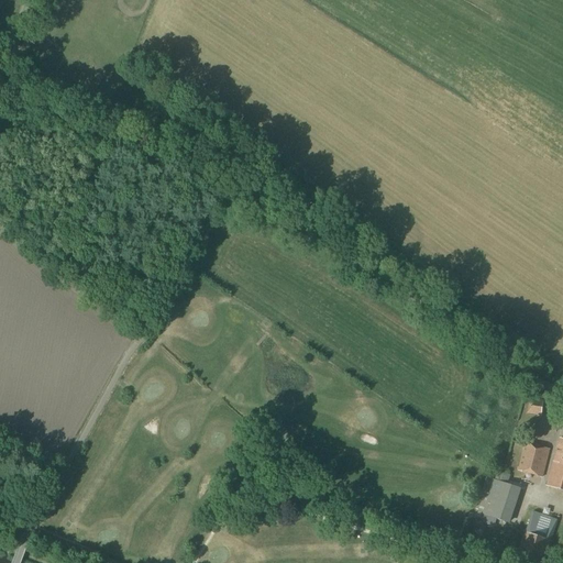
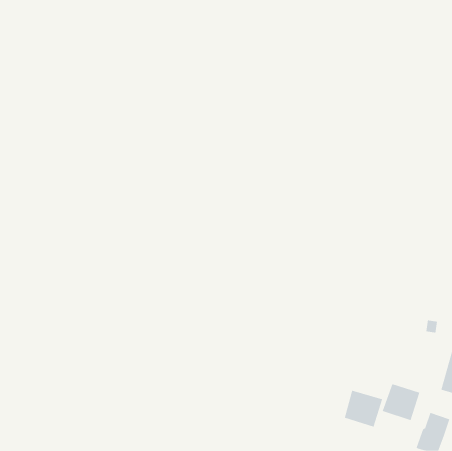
building: [518,441,551,476] -> none
building: none -> [344,390,383,427]

